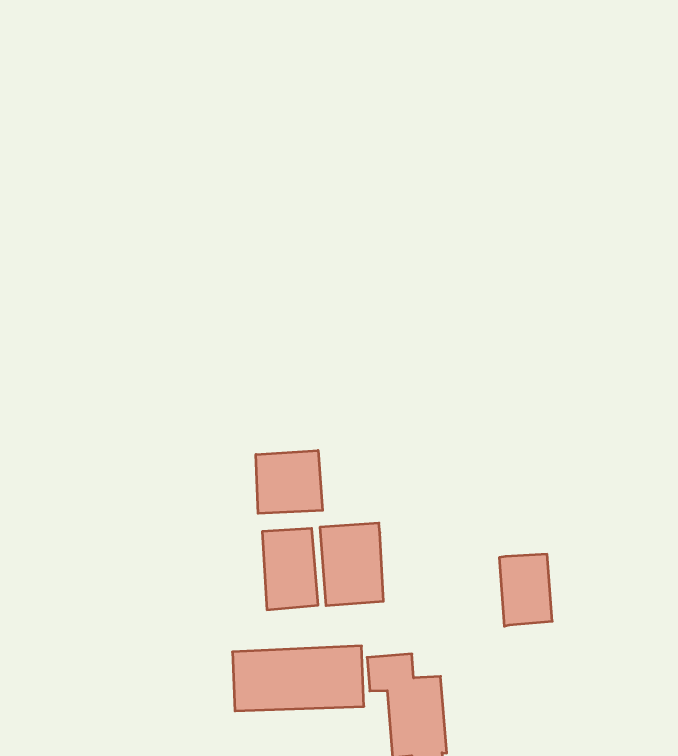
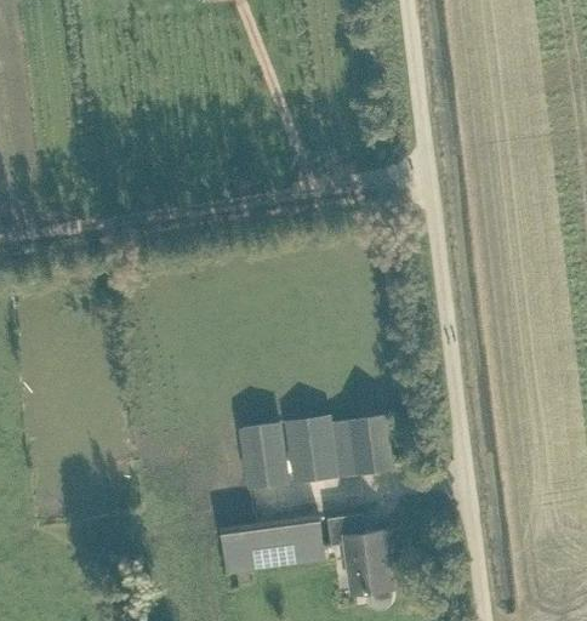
building: [256,450,323,513] -> none
building: [499,554,552,626] -> [348,417,392,474]

